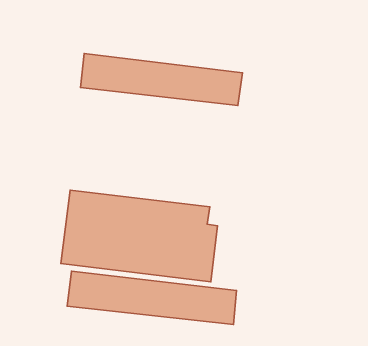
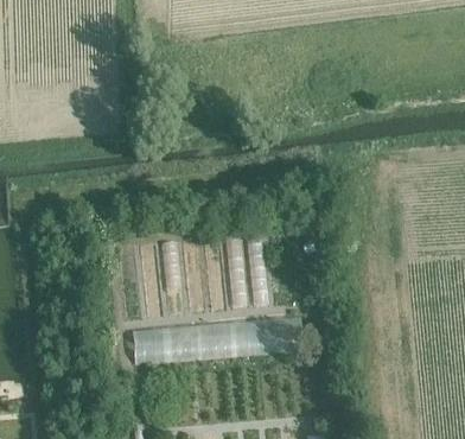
building: [81,54,242,106] -> none

